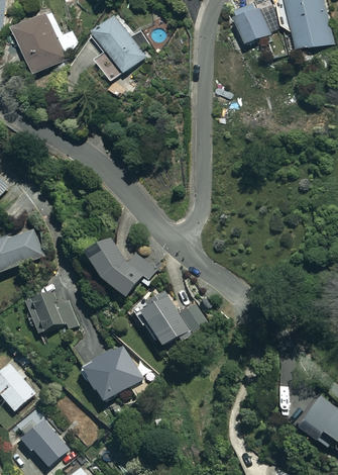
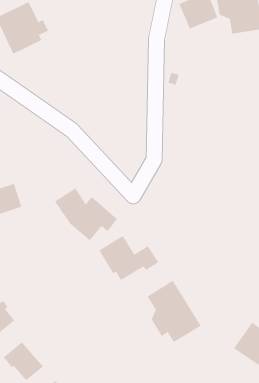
building: [90,14,146,82] -> none
building: [24,277,78,334] -> none
building: [82,344,149,402] -> none
building: none -> [147,280,202,343]

